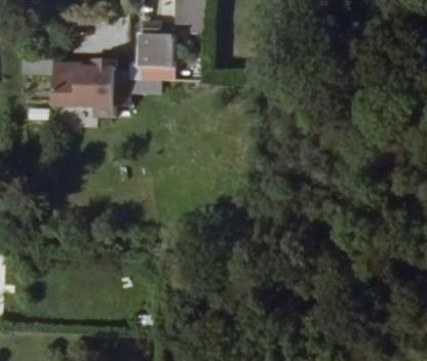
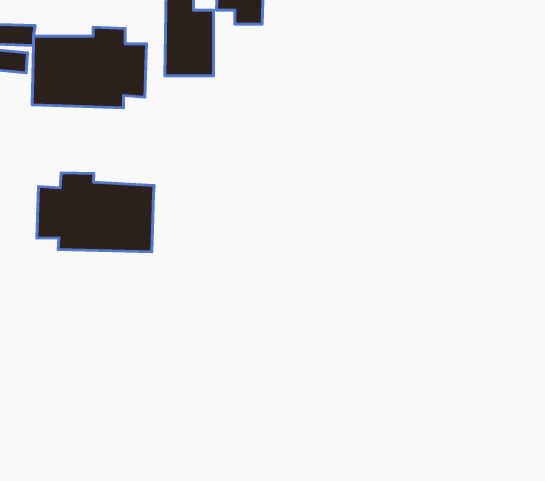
building: none -> [37,173,154,252]

